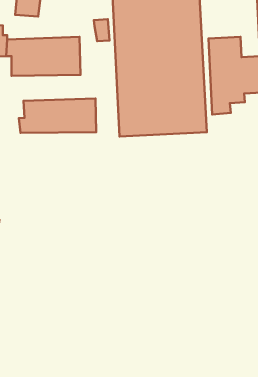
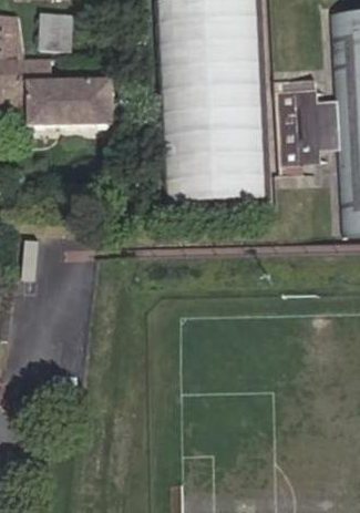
building: [19,99,96,133] -> none

